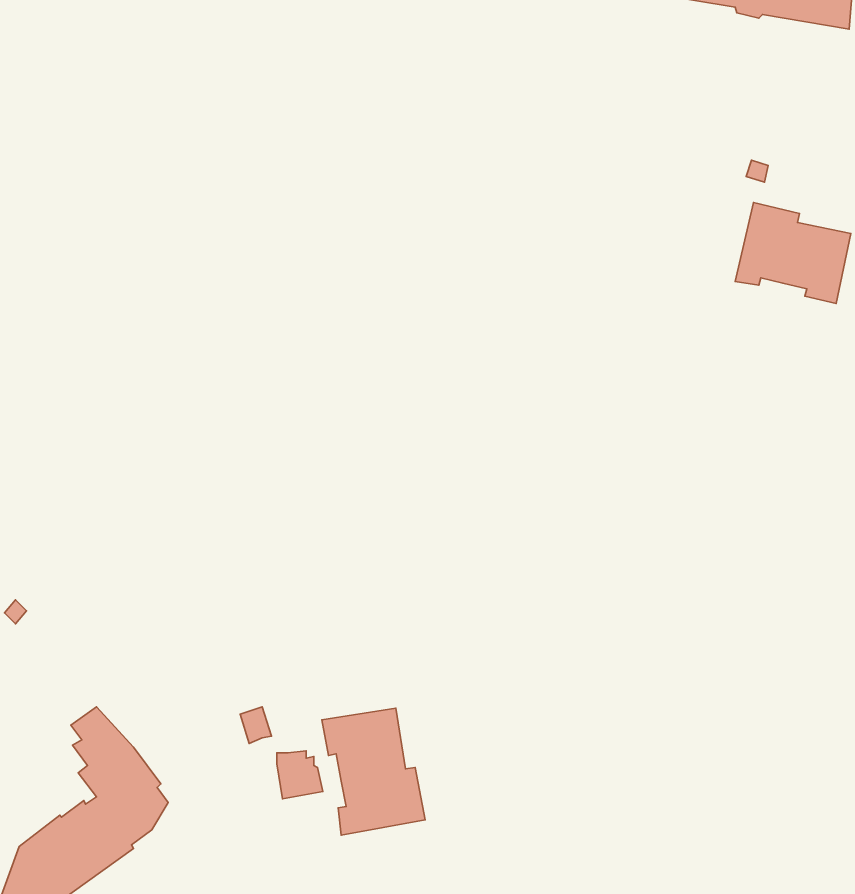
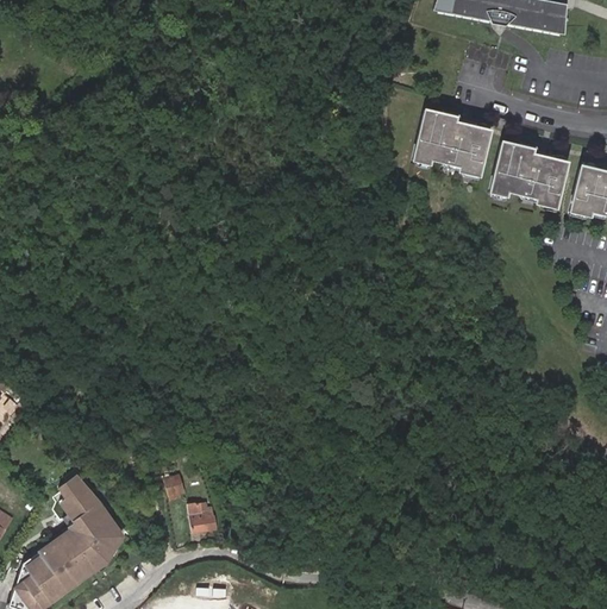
building: none -> [413,112,489,177]
building: [322,708,425,835] -> none

